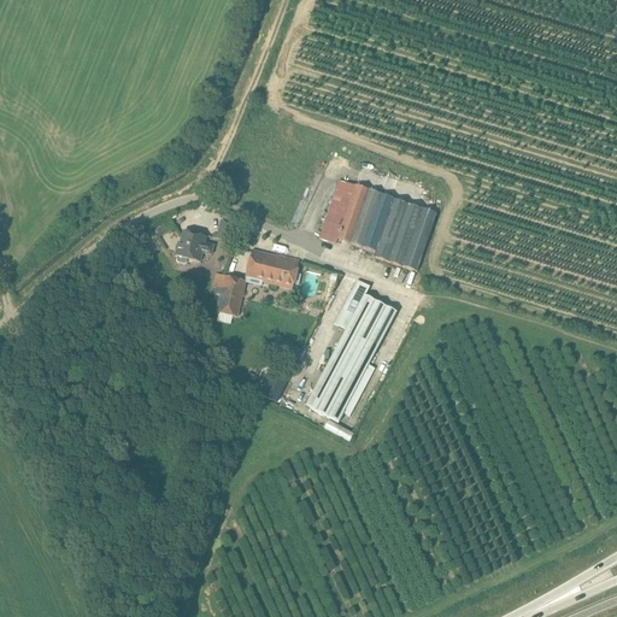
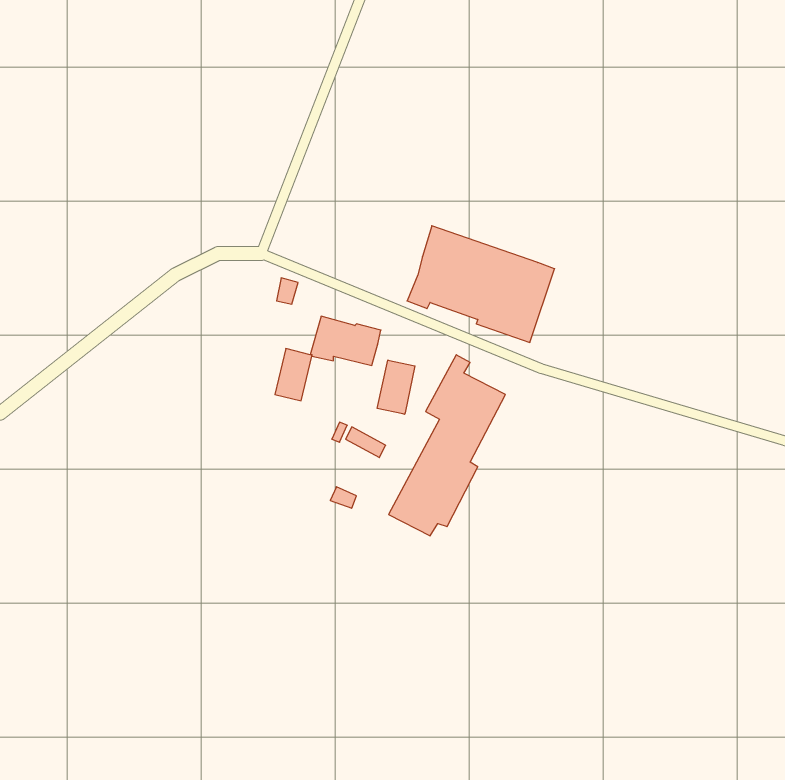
building: [175,229,213,262] -> none
building: none -> [377,360,415,414]

